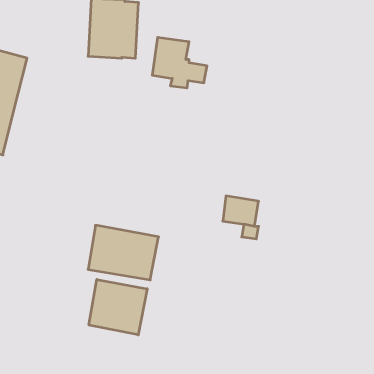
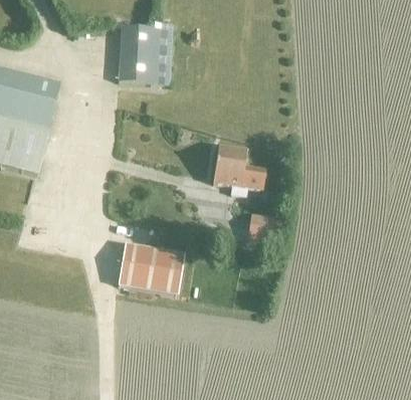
building: [152,37,207,88] -> [212,146,264,194]
building: [89,279,147,335] -> none

